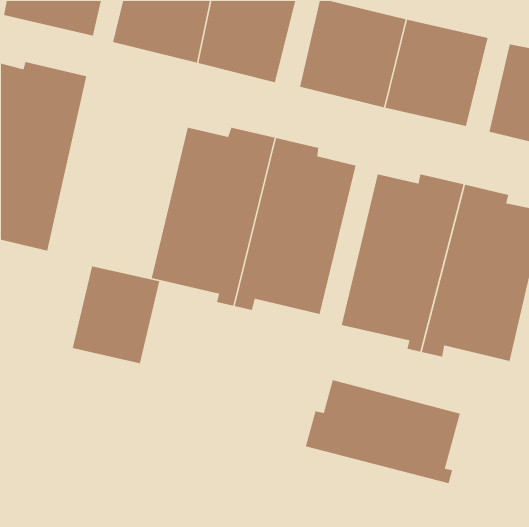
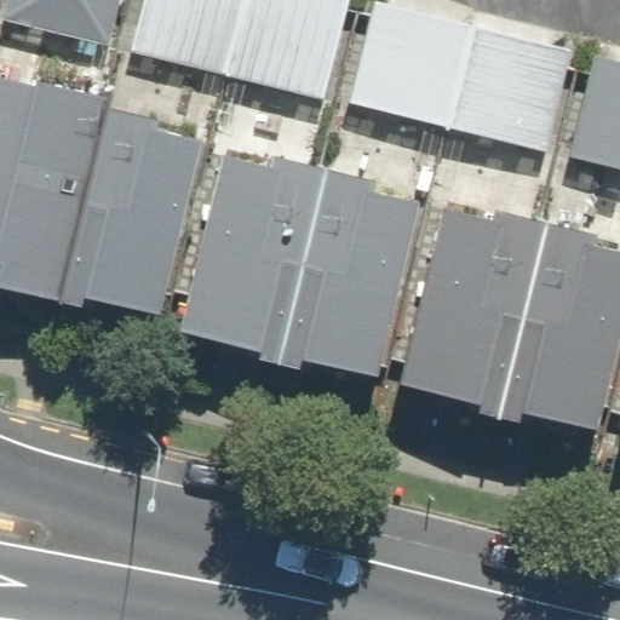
building: none -> [58,93,200,314]
building: [72,265,160,364] -> none
building: [305,379,461,484] -> none

